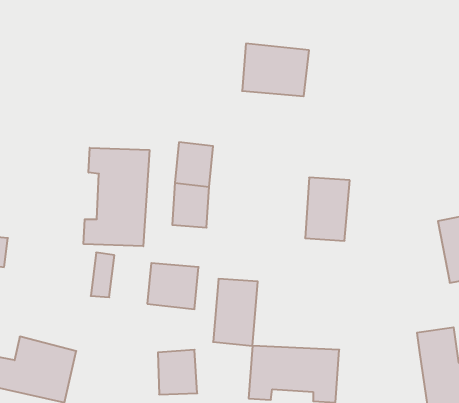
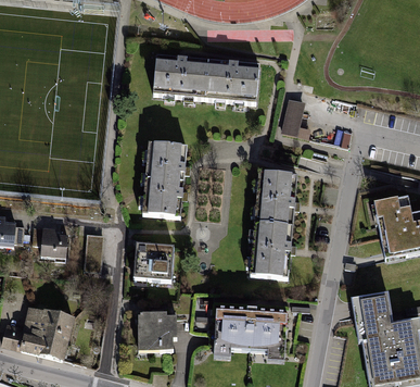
building: none -> [151,53,212,98]
building: none -> [280,96,306,133]
building: [84,148,149,246] -> none
building: none -> [39,224,68,255]
building: [213,279,258,346] -> [256,220,293,275]

